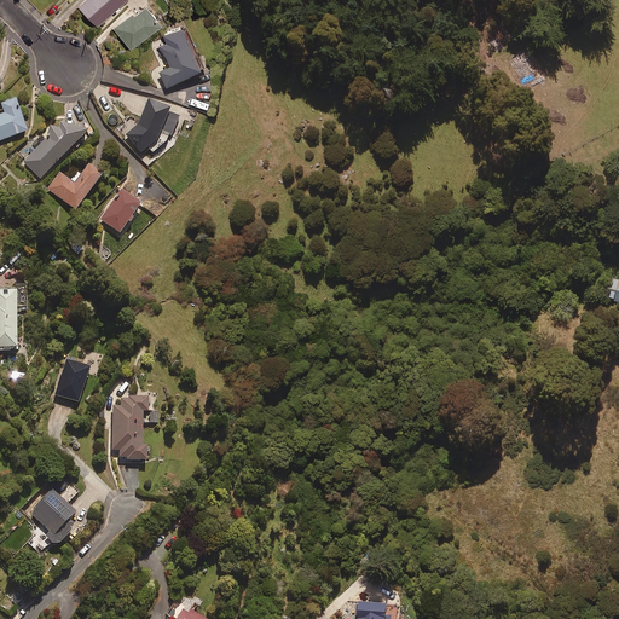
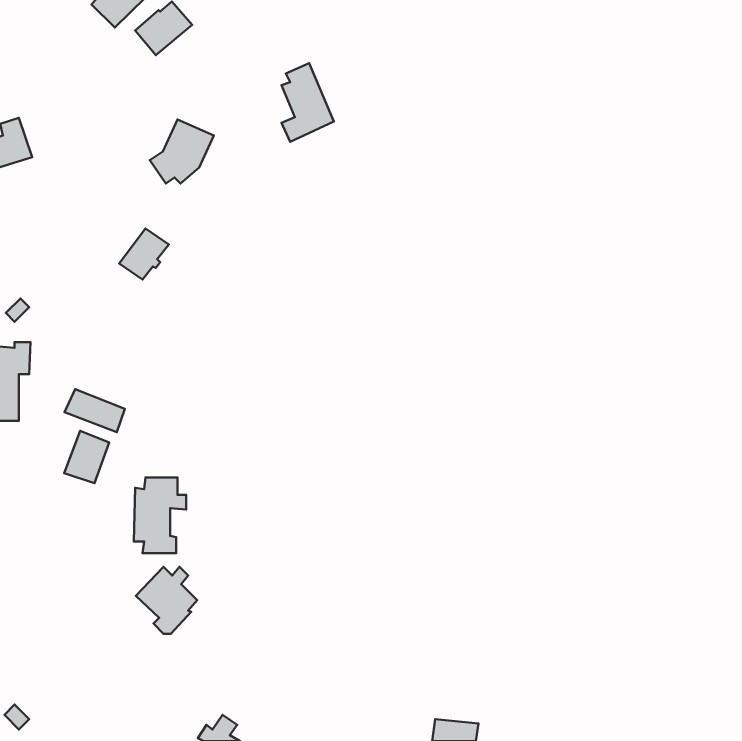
building: [158,23,202,88] -> [282,63,334,142]
building: [22,122,86,178] -> none
building: [46,164,102,209] -> none
building: none -> [65,389,125,432]
building: [29,488,80,544] -> [136,567,197,634]

